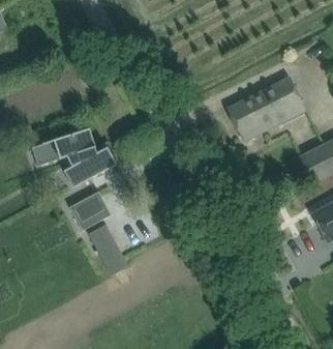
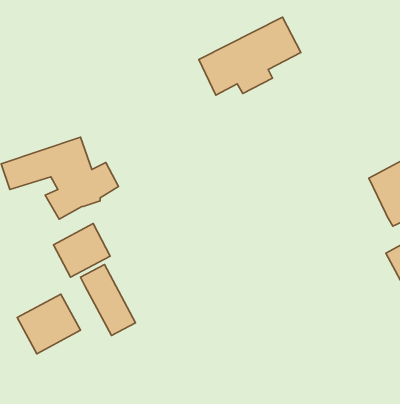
building: [228,77,302,134] -> [199,17,301,95]
building: none -> [17,294,81,354]

